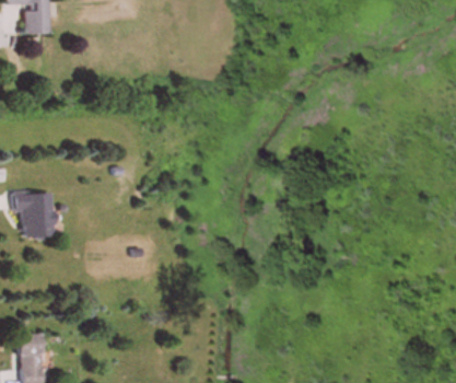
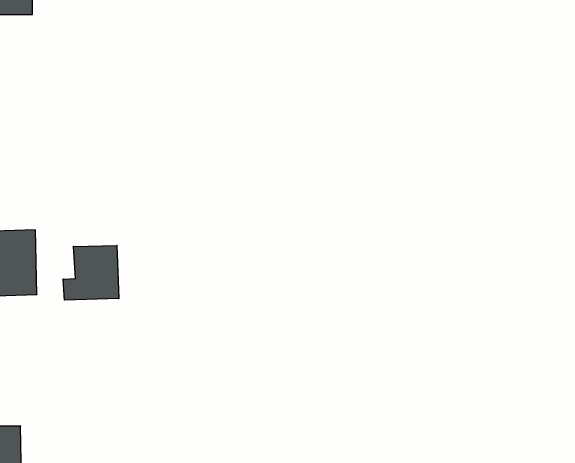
building: none -> [63,245,119,300]

